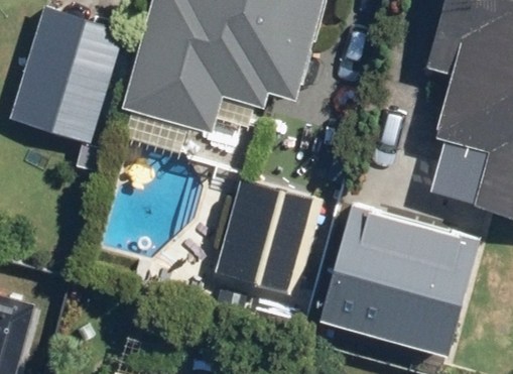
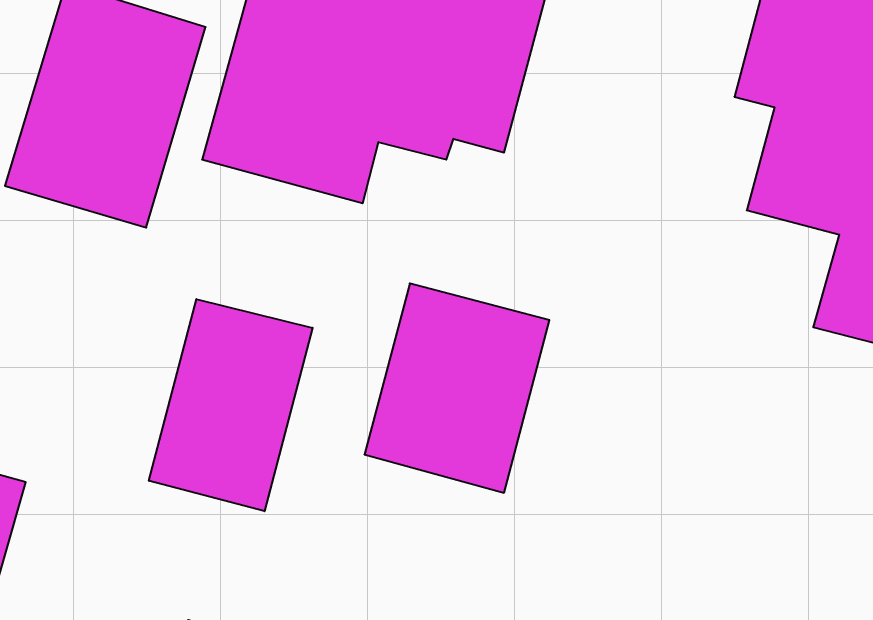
building: none -> [149,299,313,511]
building: [328,219,431,340] -> none

